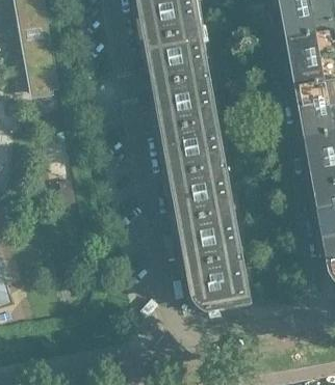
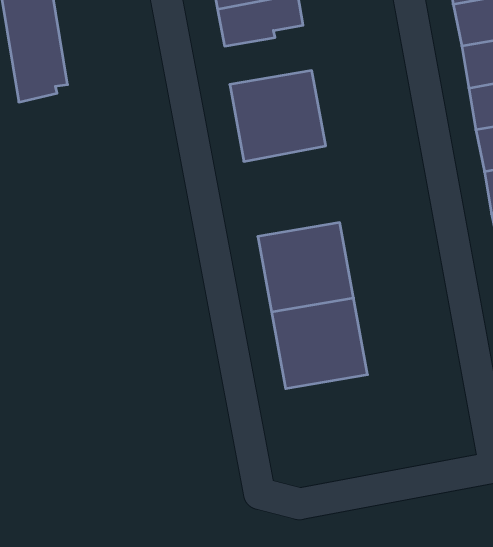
building: [153,52,205,87] -> none
building: [164,123,222,177] -> none
building: [189,259,251,311] -> none

